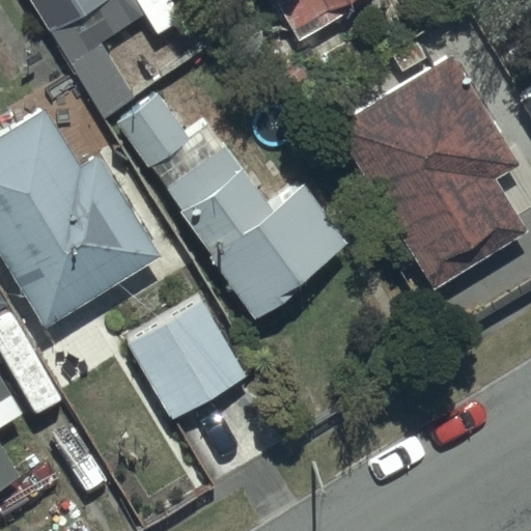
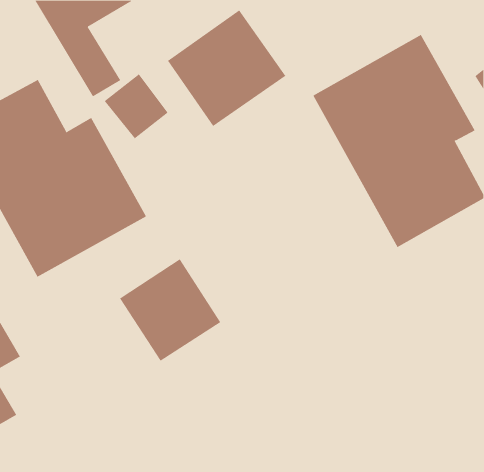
building: none -> [167,10,286,127]
building: [163,146,350,311] -> none

